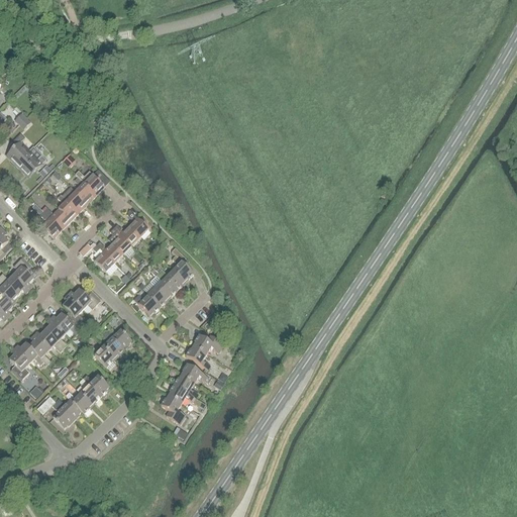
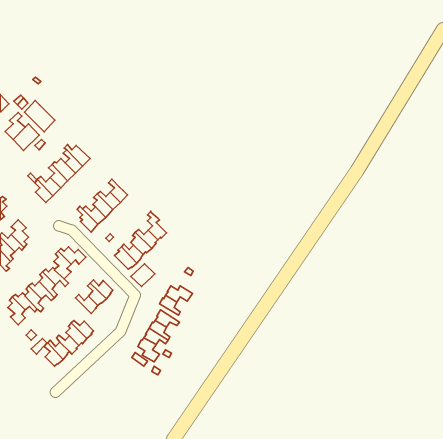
building: none -> [24,100,55,132]
building: none -> [131,264,155,287]

